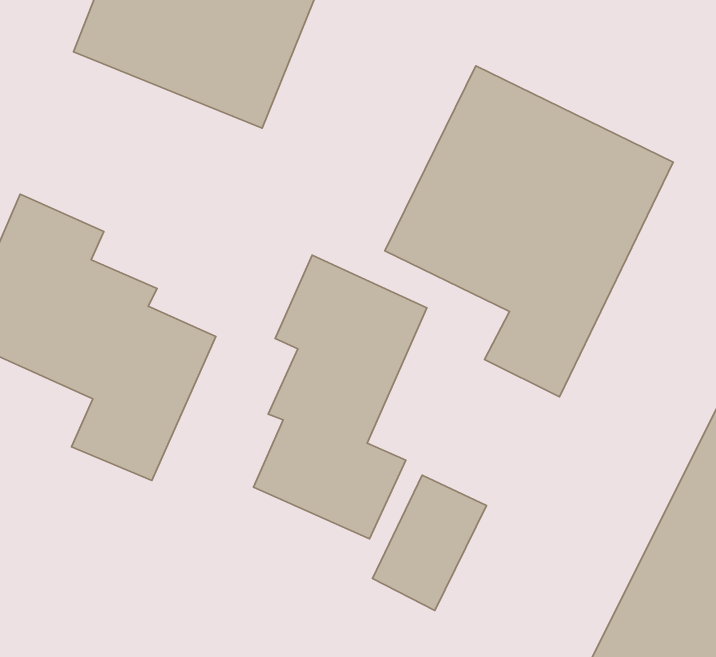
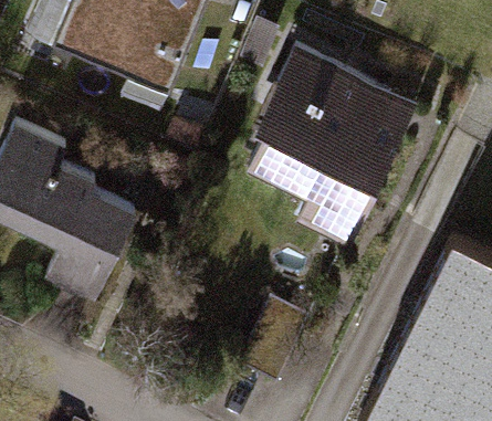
building: [253,255,427,539] -> none

